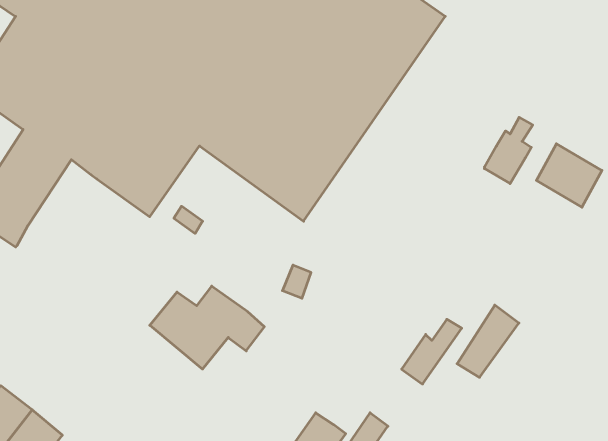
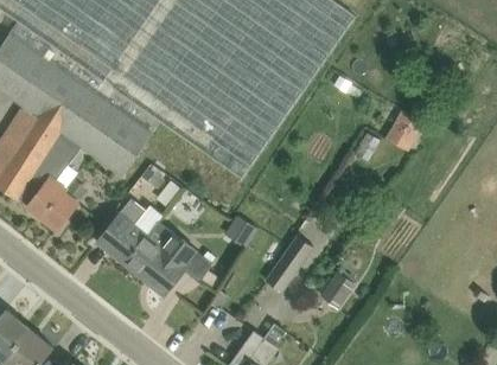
building: [536,144,602,207] -> none
building: none -> [18,130,78,229]
building: none -> [96,197,158,261]
building: [457,305,519,377] -> [266,233,314,290]

